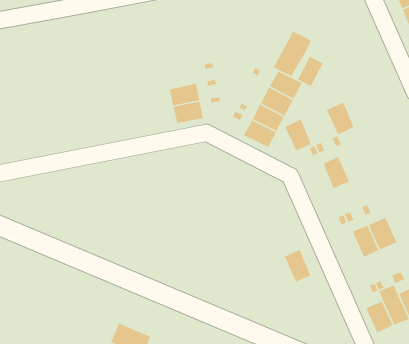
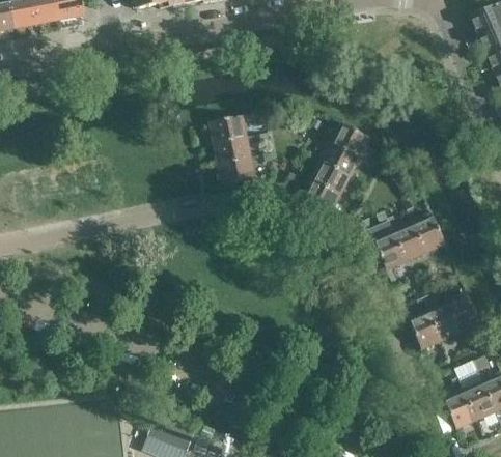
building: [272,30,312,77] -> none
building: [297,56,324,87] -> none
building: none -> [210,115,247,143]
building: [326,102,355,136] -> [412,211,445,251]
building: [284,119,312,152] -> [373,229,406,267]
building: [284,249,312,283] -> [409,308,441,347]

